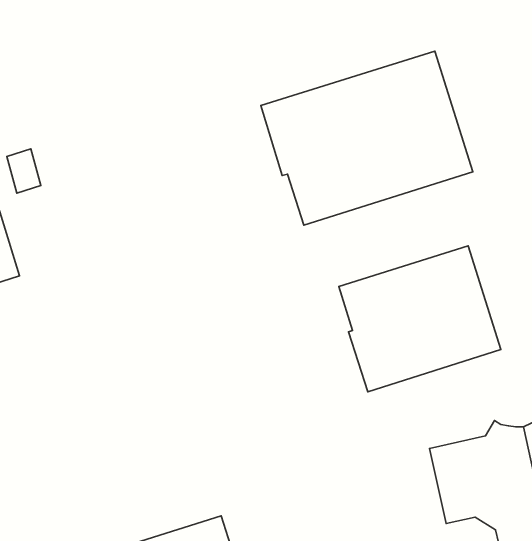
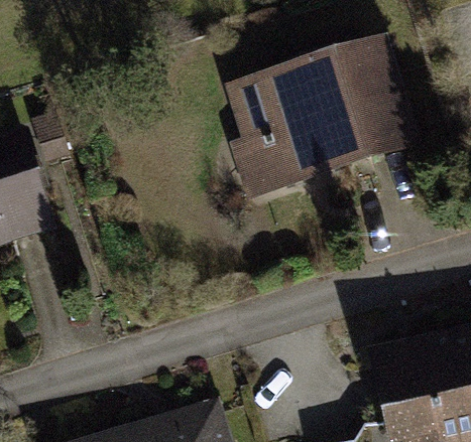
building: [339,246,501,392] -> none

